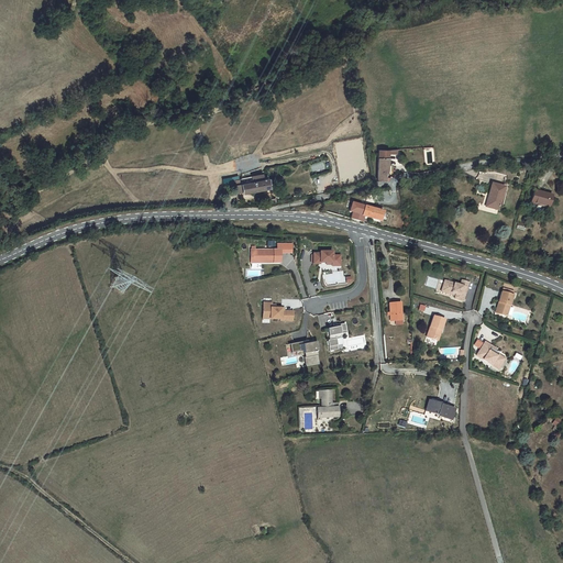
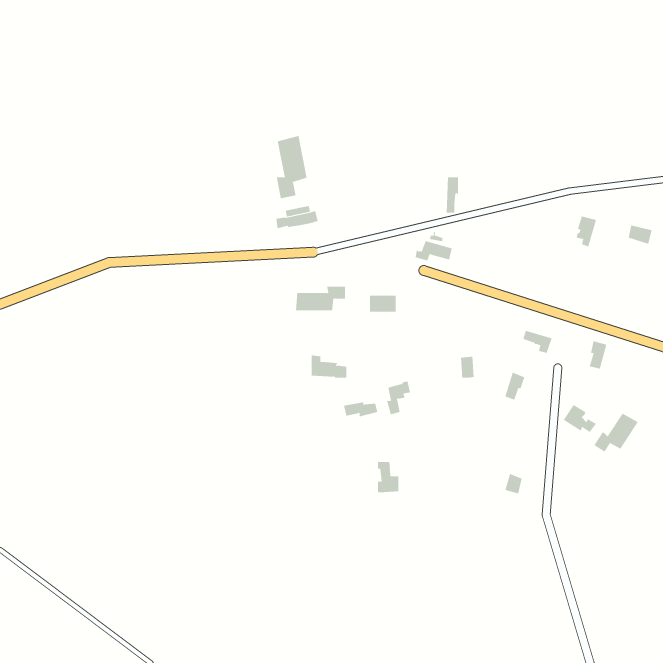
building: none -> [276,135,307,199]
building: none -> [594,413,638,453]

